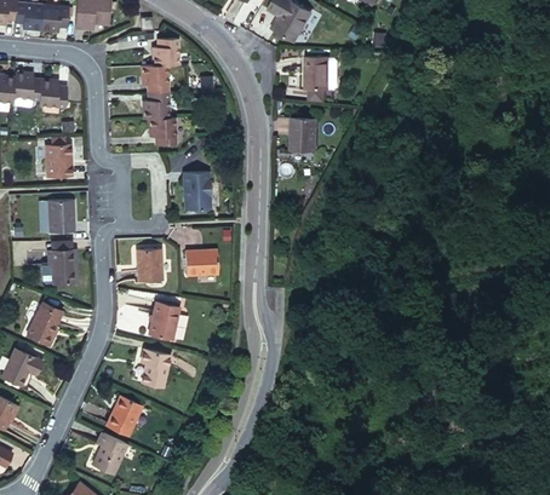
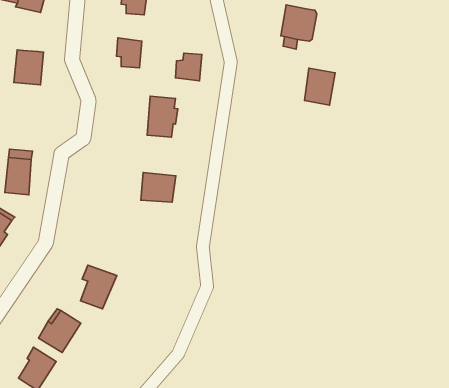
building: [141,92,166,119] -> [176,53,202,81]
building: [292,114,319,148] -> [304,68,335,105]
building: [46,197,75,231] -> none
building: [136,247,164,281] -> none
building: [147,300,182,340] -> none

